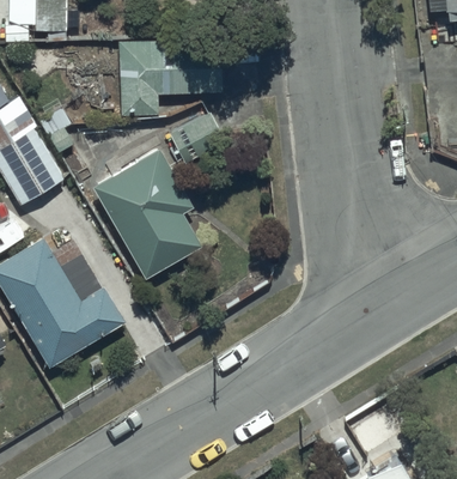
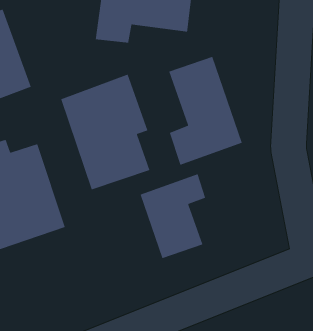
building: none -> [168,56,243,166]
building: none -> [139,173,206,259]

